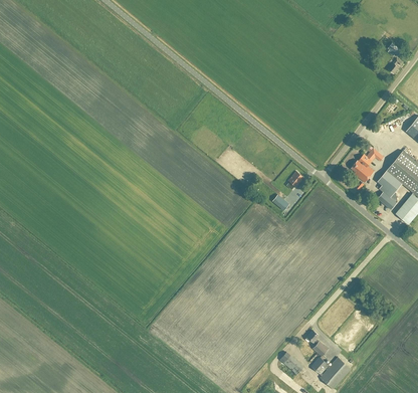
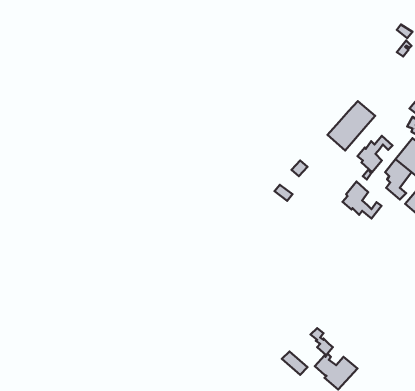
building: none -> [328,101,375,150]
building: none -> [343,182,382,218]

